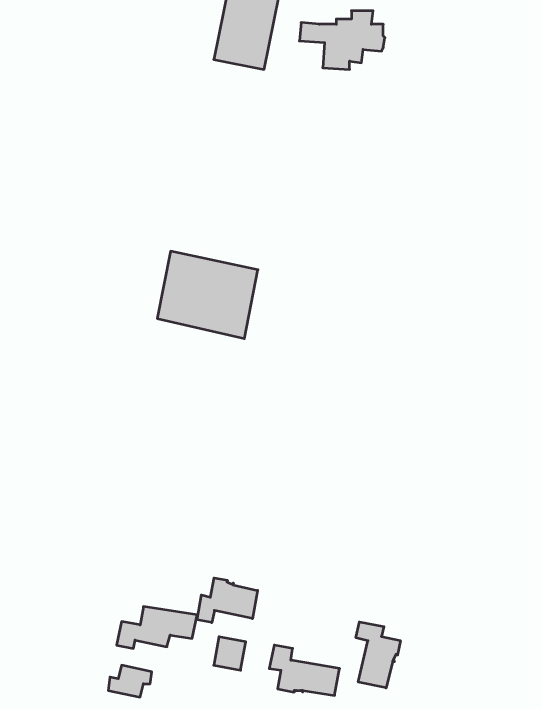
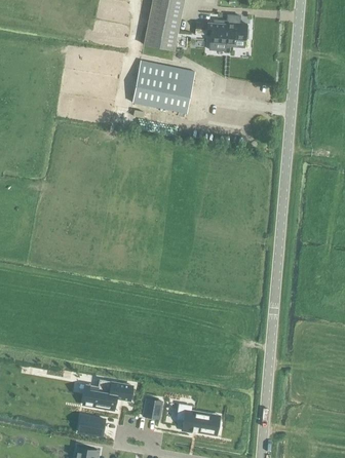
building: [157,251,258,339] -> [132,60,194,113]
building: [197,578,258,623] -> none
building: [356,622,400,688] -> none

